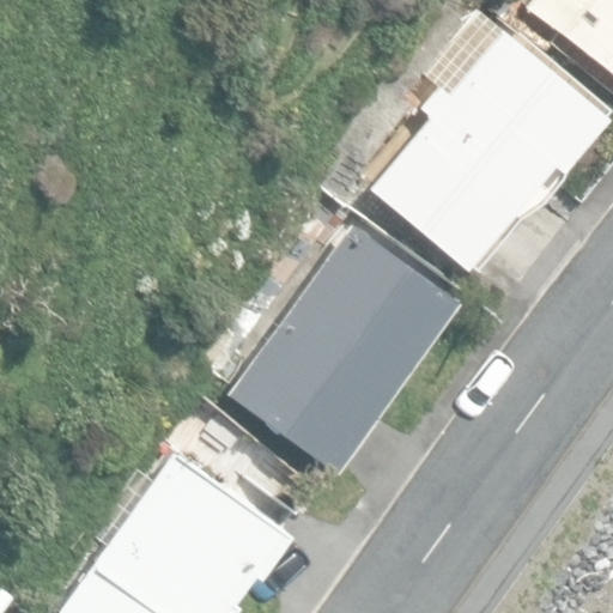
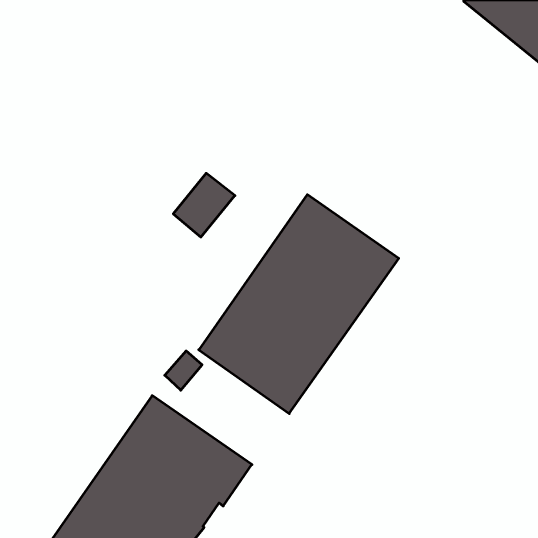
building: [371,32,605,265] -> none

